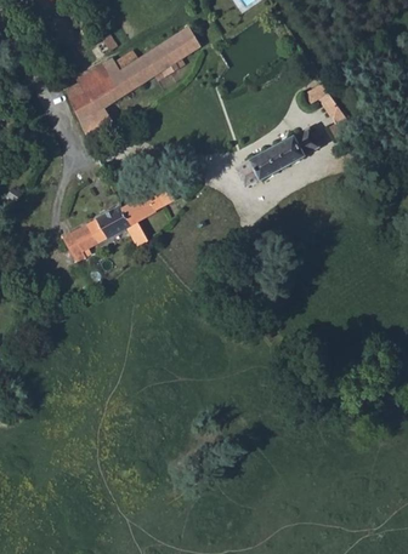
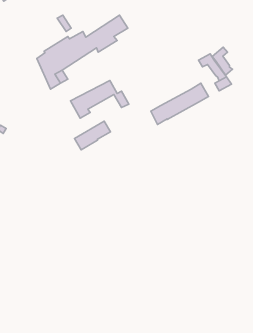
building: none -> [212,47,232,75]
building: [62,206,148,262] -> [70,80,129,118]

